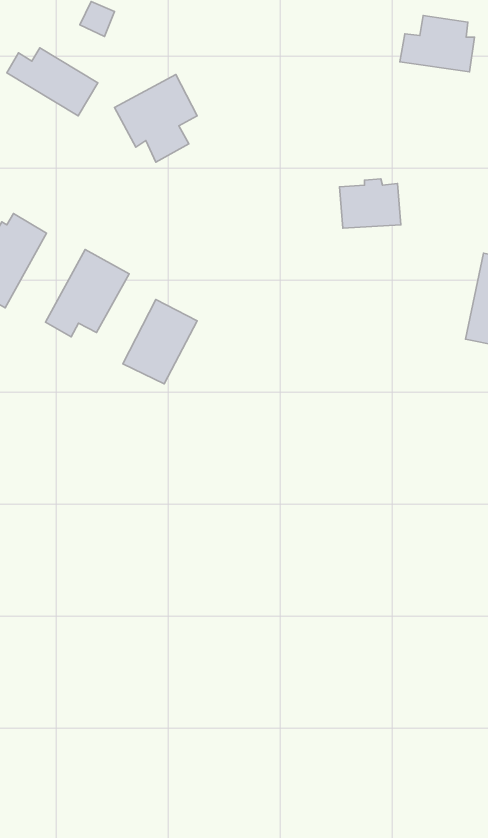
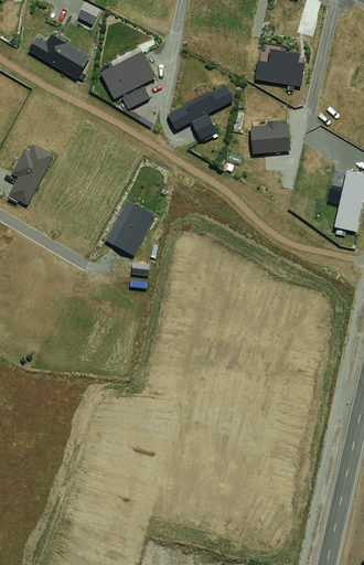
building: [400,15,474,72] -> [254,49,303,86]
building: none -> [167,85,233,140]
building: [45,249,129,337] -> none

